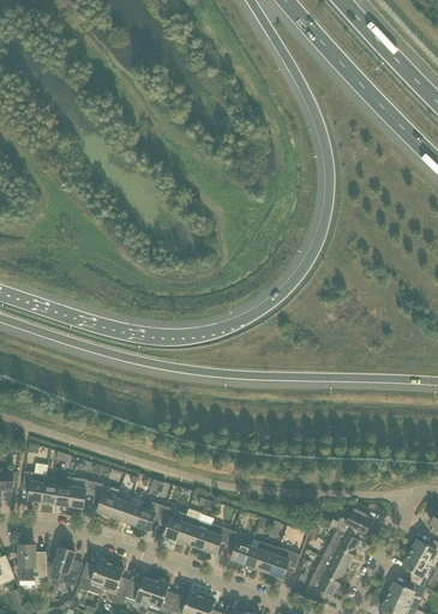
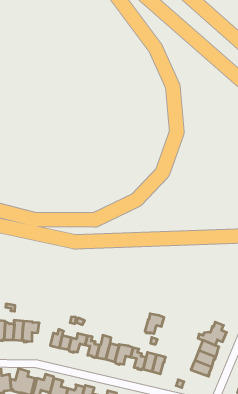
building: [91,482,118,517] -> none
building: [268,548,298,578] -> [145,314,164,334]
building: [304,571,338,598] -> none

